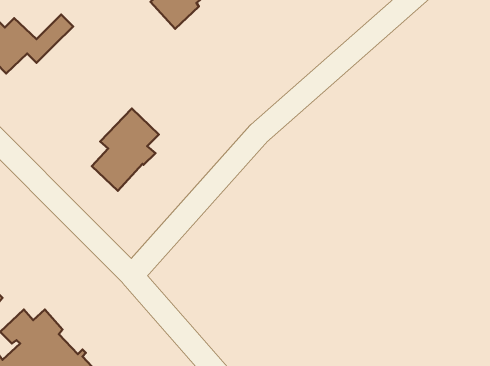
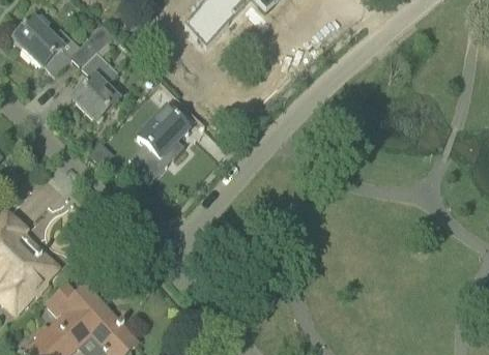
building: none -> [76,51,119,120]

